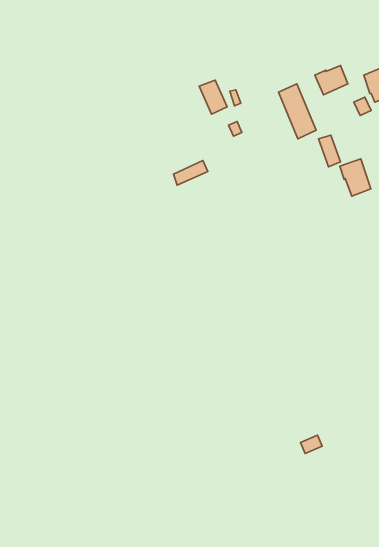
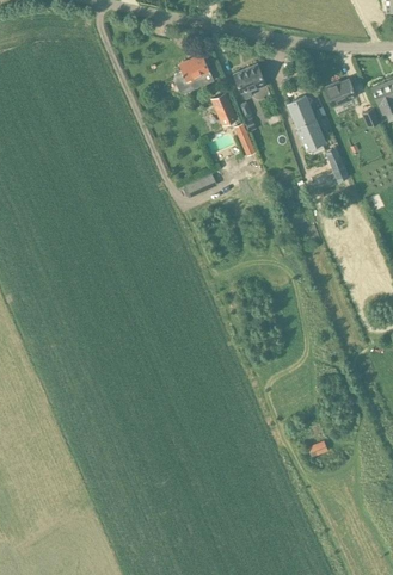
building: none -> [174,54,213,93]
building: none -> [233,63,266,98]
building: [340,159,371,196] -> none

